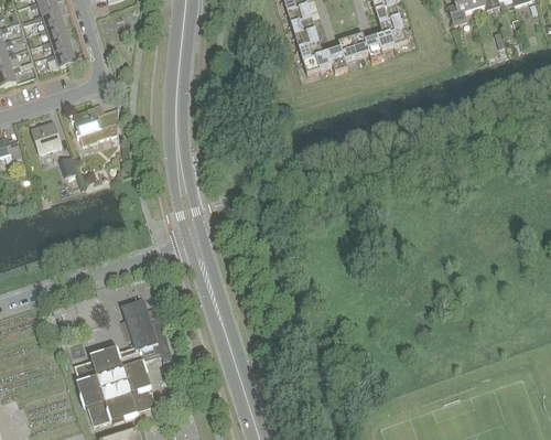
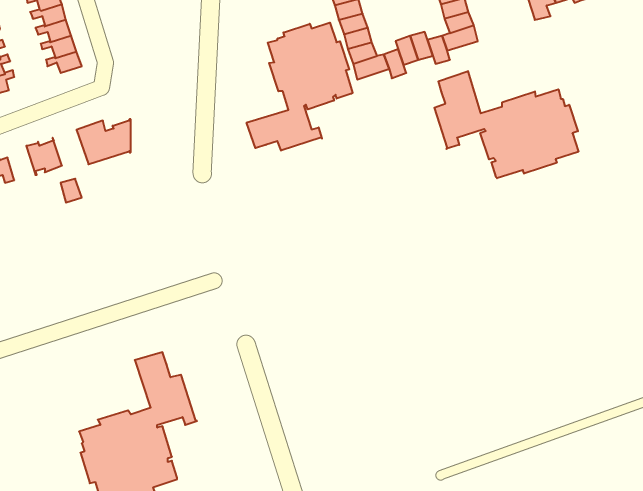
building: none -> [247,23,353,151]
building: none -> [434,71,578,178]

